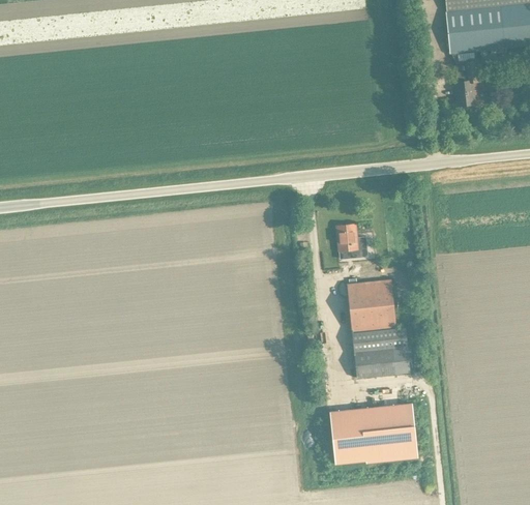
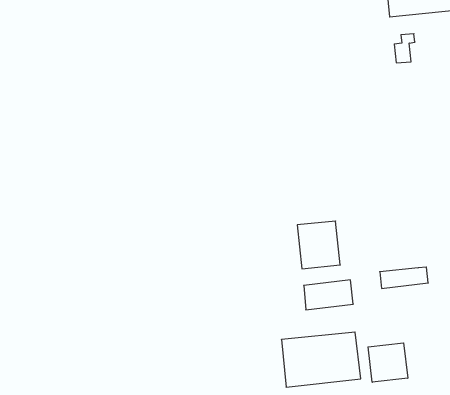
building: [336,225,358,251] -> none
building: [353,328,407,352] -> [380,267,428,288]
building: none -> [368,343,408,382]

